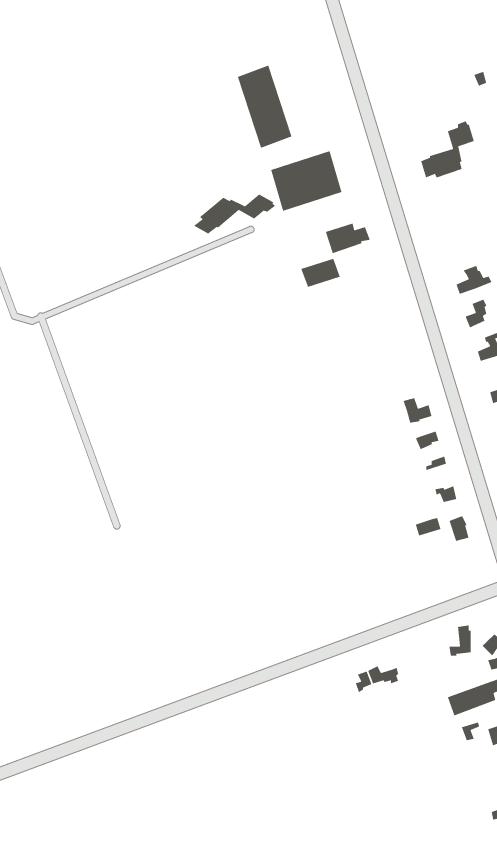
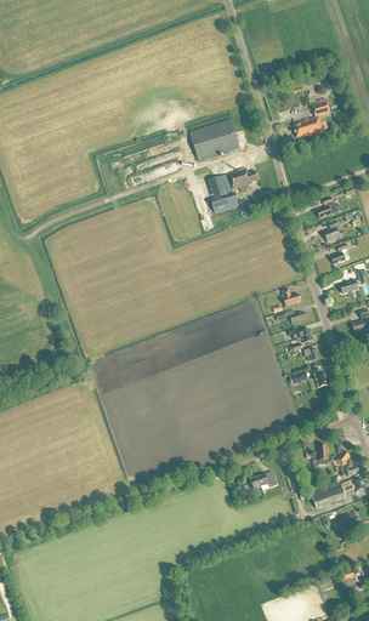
building: [237,64,292,149] -> none
building: [193,193,276,234] -> none

